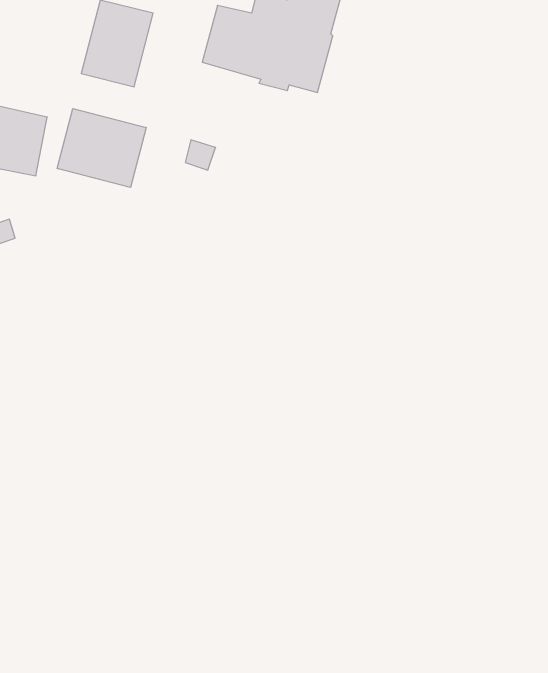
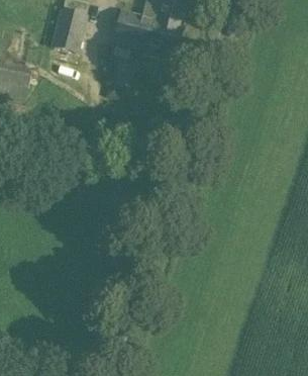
building: [57,109,146,187] -> none

